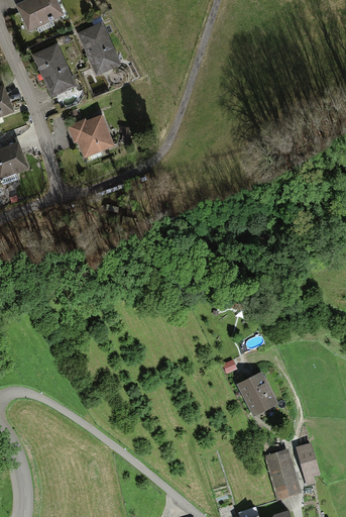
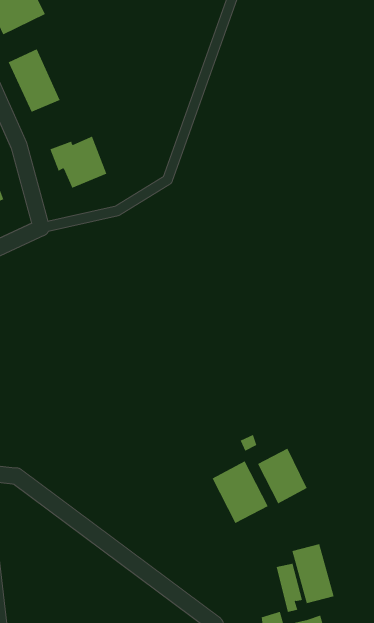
building: [77,21,121,75] -> none
building: none -> [212,461,268,524]
building: [298,443,320,484] -> [276,563,303,612]

